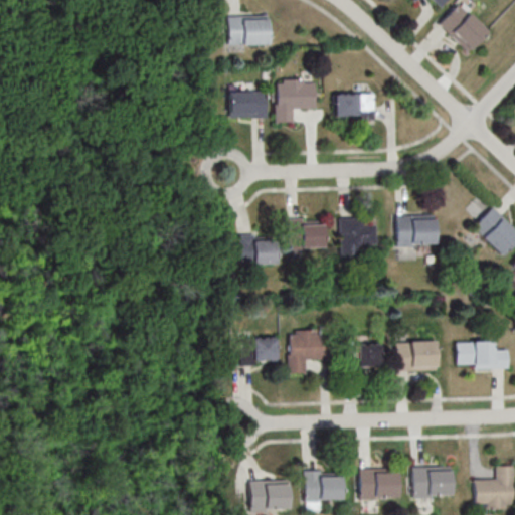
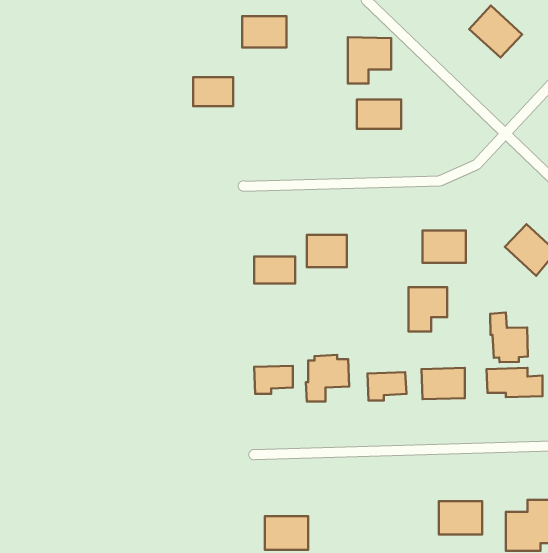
building: [278,78,318,122] -> [348,37,391,84]
building: [230,91,268,118] -> [193,77,233,106]
building: [341,217,377,259] -> [408,287,447,331]
building: none -> [490,313,528,362]
building: [359,468,400,499] -> none
building: [305,470,344,510] -> none

